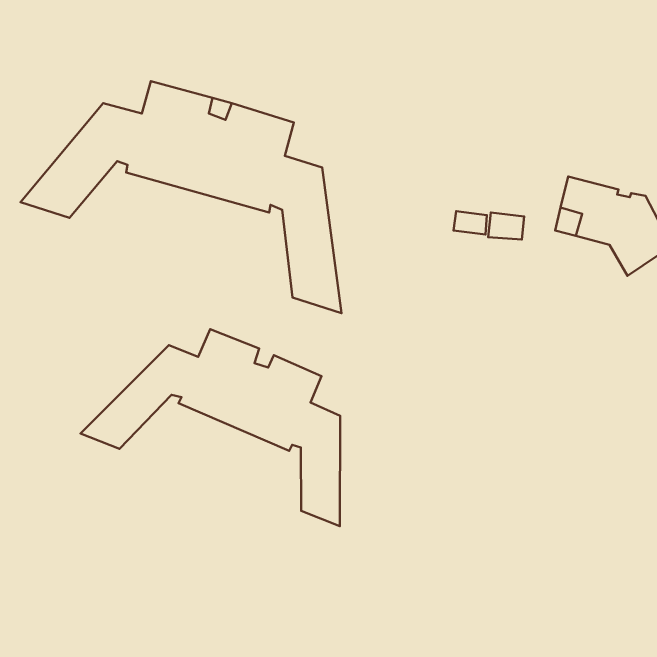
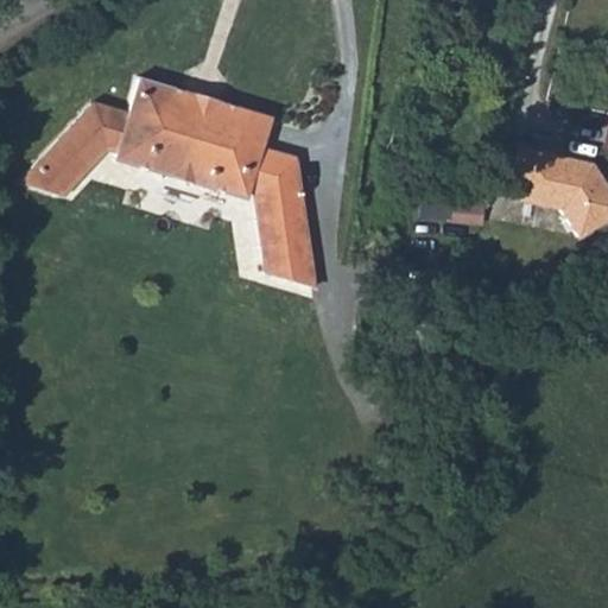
building: [81,329,340,526] -> none

